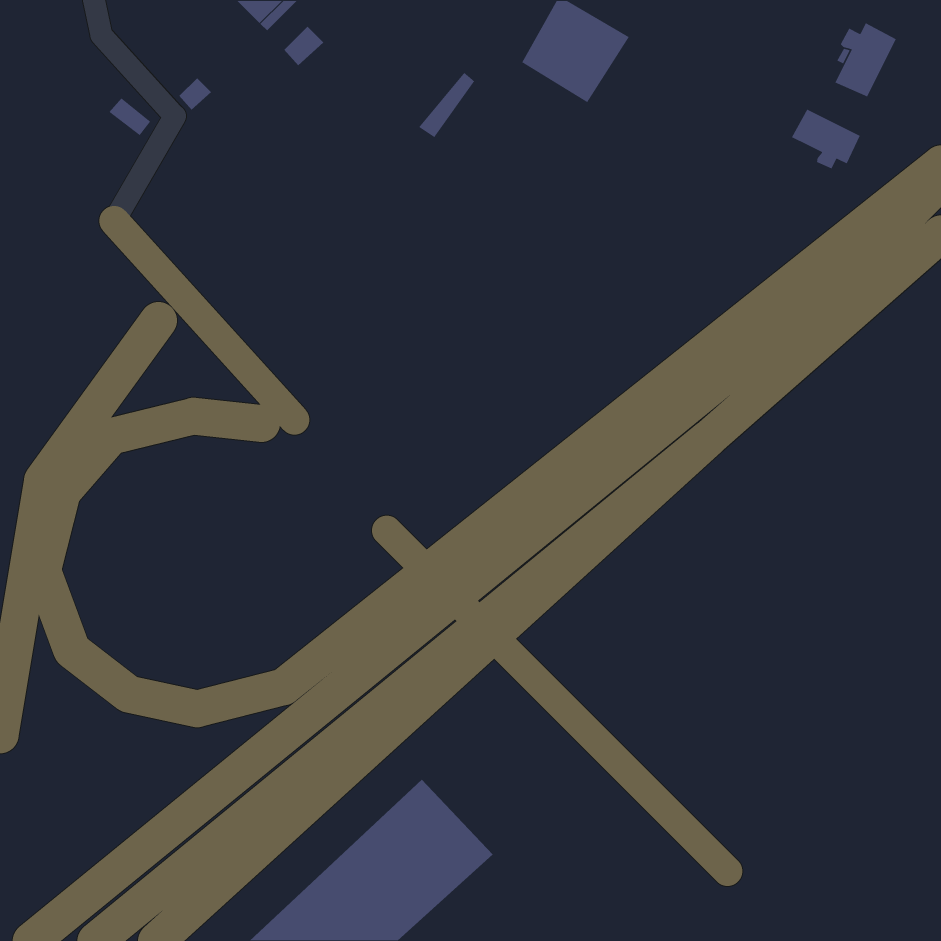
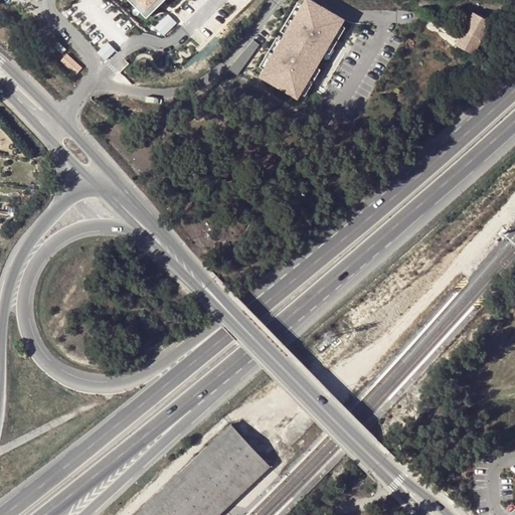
building: none -> [260,34,321,100]
building: [791,109,861,170] -> none

